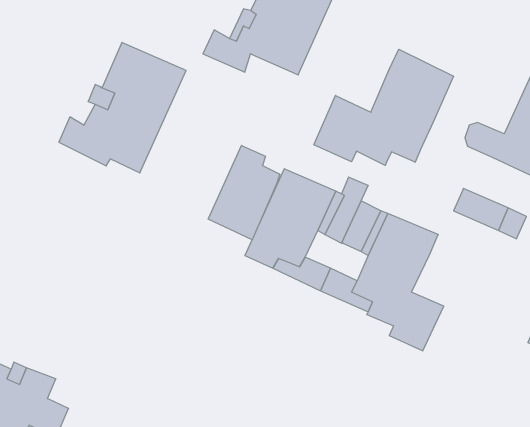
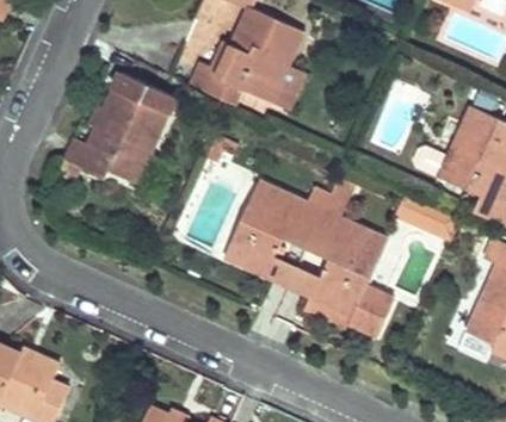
building: [314,49,453,165] -> none
building: [208,145,280,240] -> none

